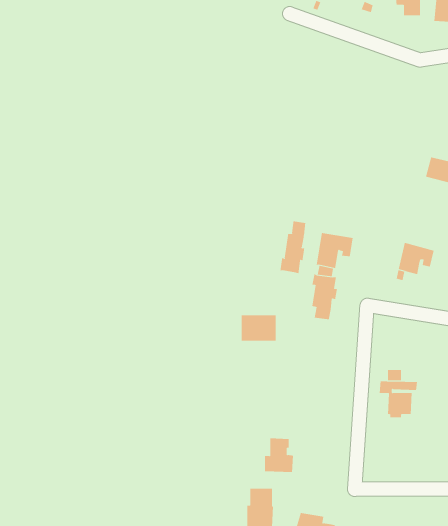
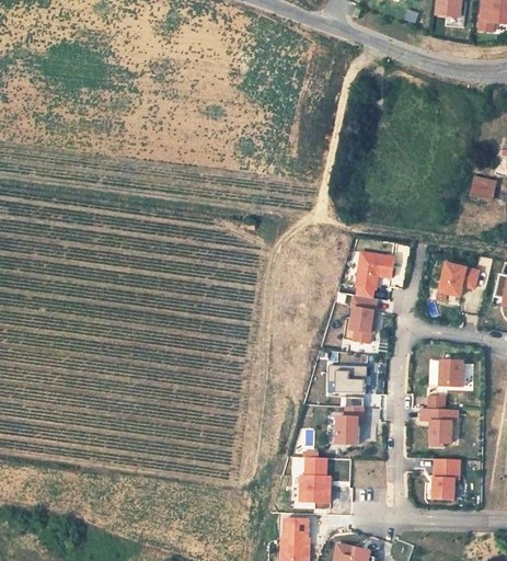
building: [280,221,306,274] -> none
building: [241,315,277,341] -> [329,364,366,391]
building: none -> [439,359,462,387]
building: none -> [336,407,364,444]
building: none -> [431,458,459,499]

